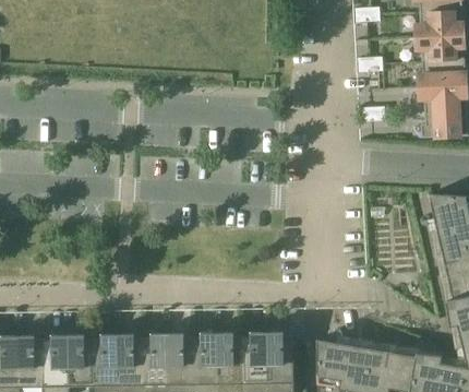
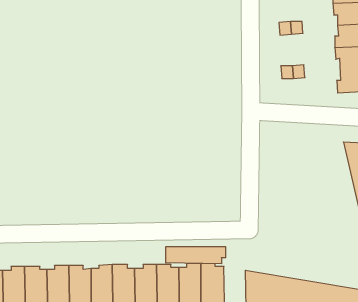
building: none -> [166,247,226,264]

